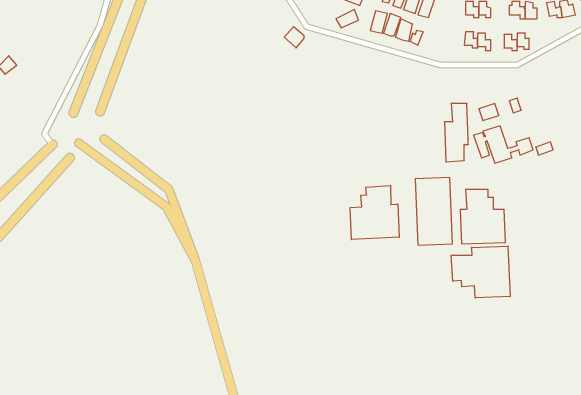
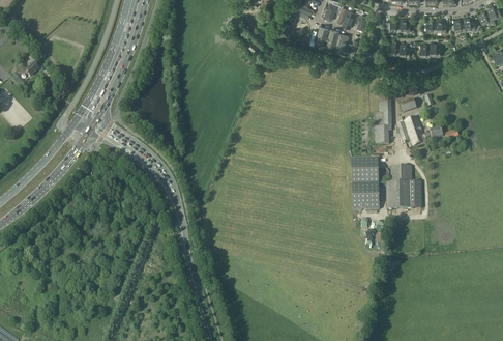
building: [350,185,399,240] -> none
building: [451,246,510,298] -> none

